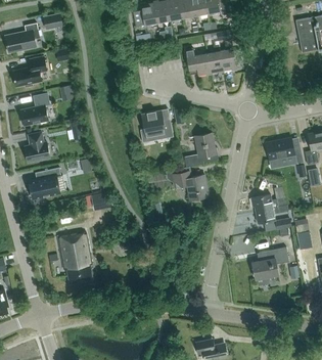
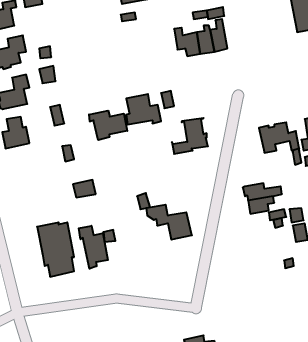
building: none -> [89,111,127,140]
building: [30,168,61,198] -> none
building: [167,169,210,201] -> [146,205,192,240]
building: none -> [79,226,108,269]
building: [252,249,289,280] -> none

